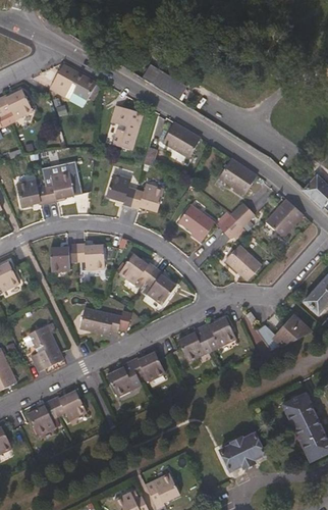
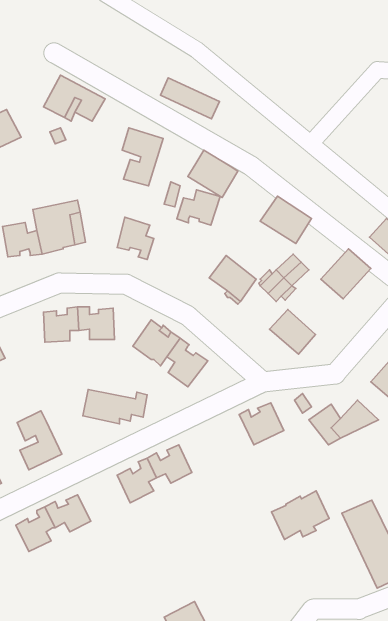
building: [130,185,164,212] -> [177,190,220,225]
building: [179,327,213,362] -> none
building: [219,434,264,471] -> [271,491,329,540]

